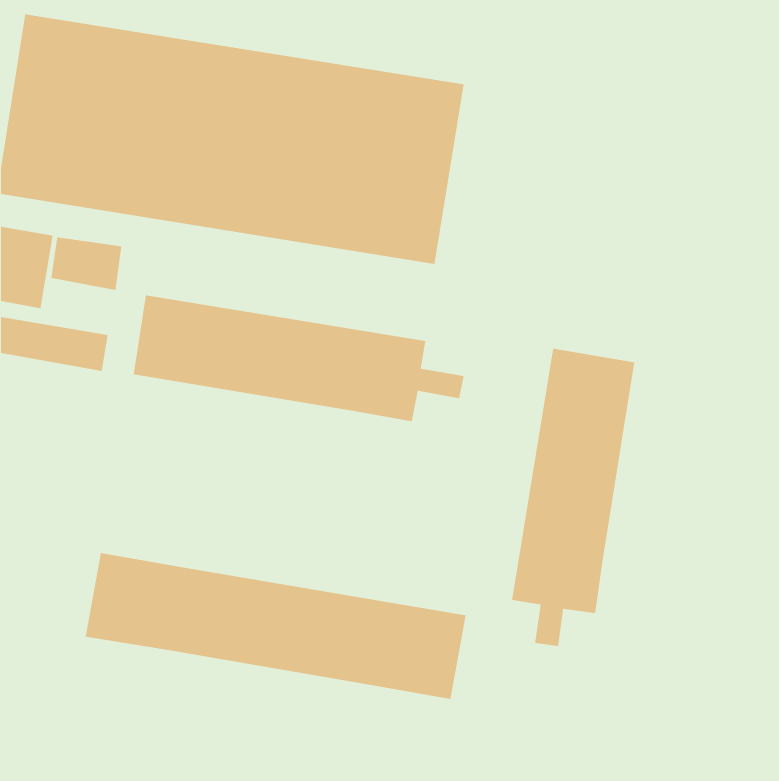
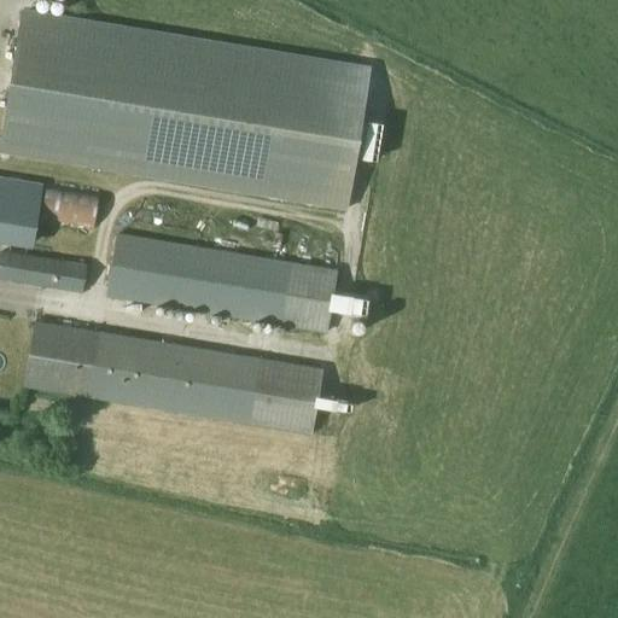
building: [512,348,635,647] -> none
building: [85,553,467,699] -> [23,320,325,436]

